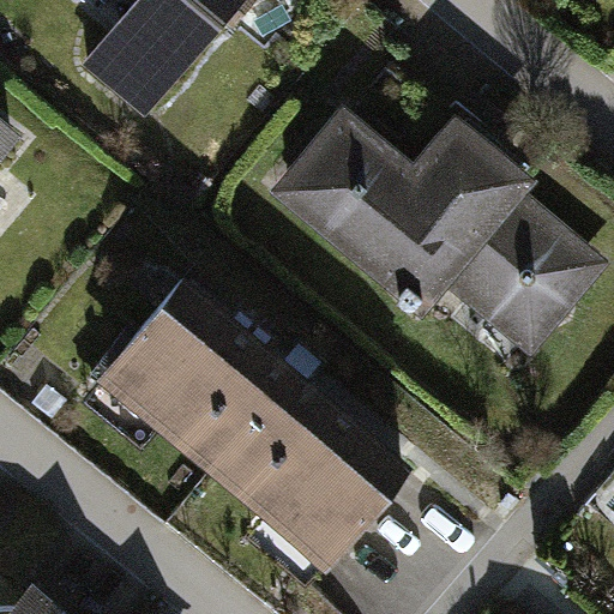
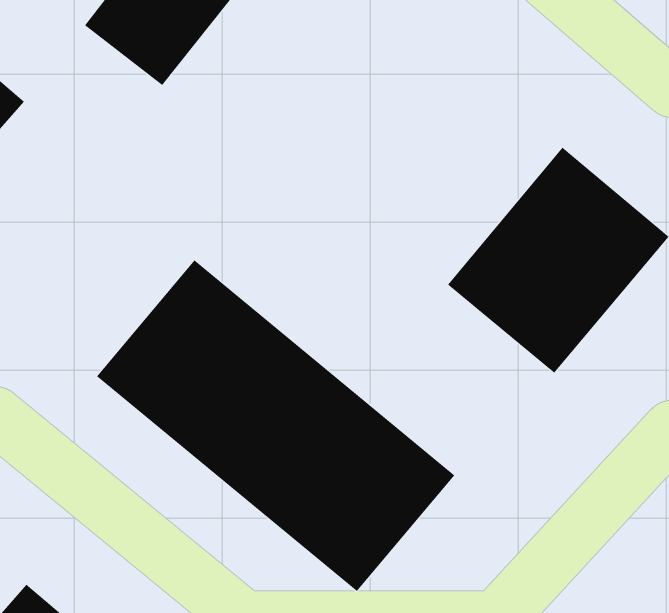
building: [270,101,516,300] -> none

